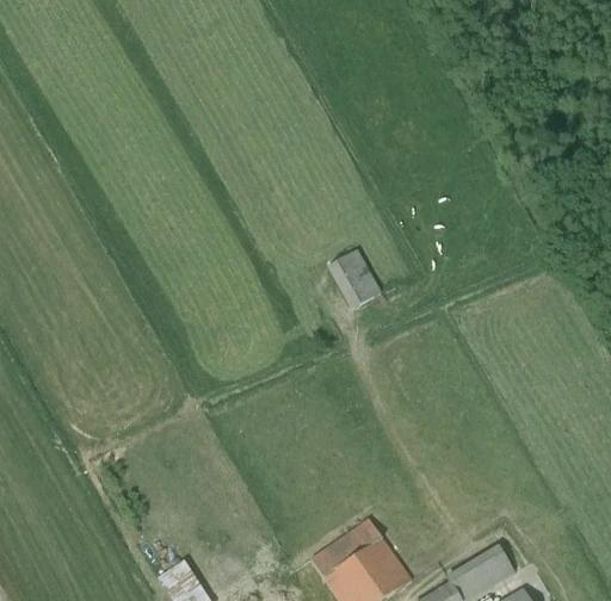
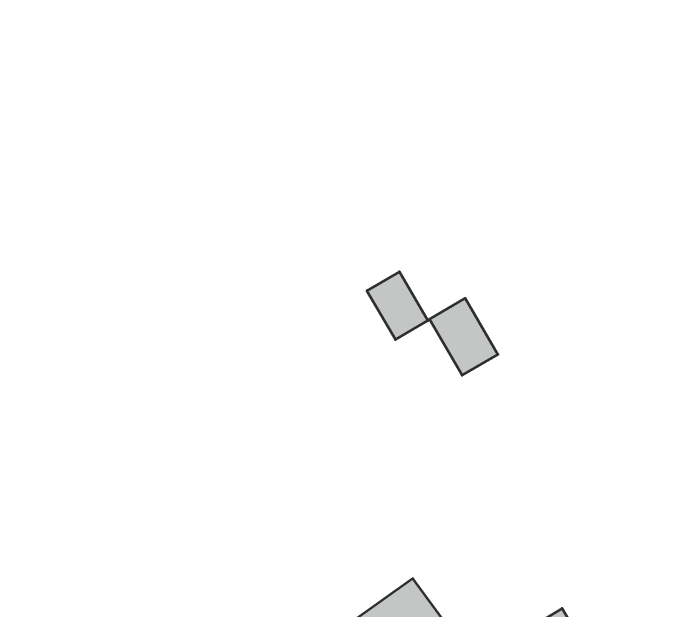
building: none -> [429,298,498,375]

